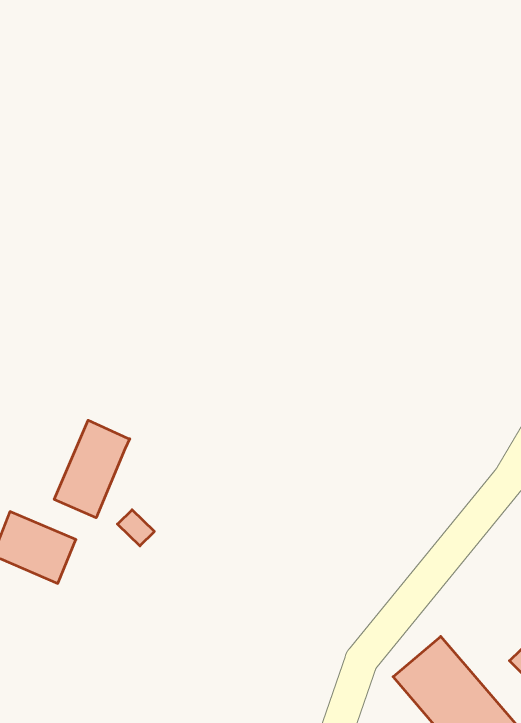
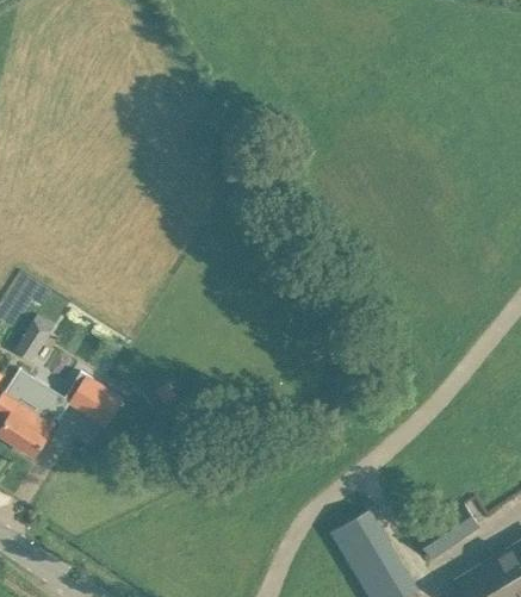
building: [54,420,130,518] -> none

